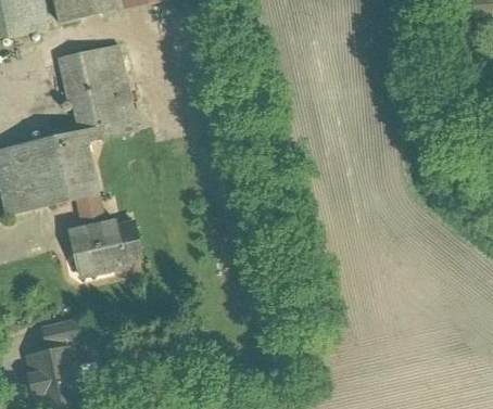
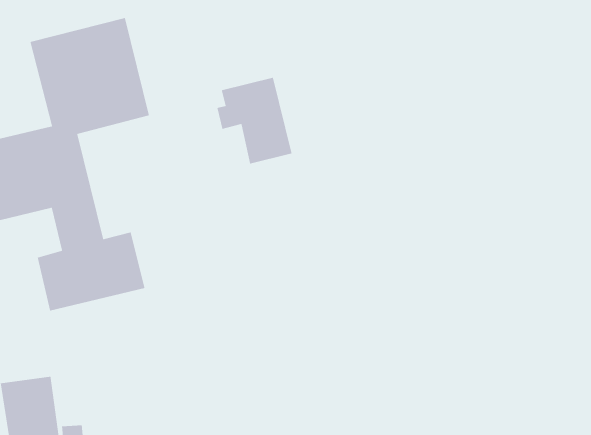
building: none -> [216,77,293,165]

